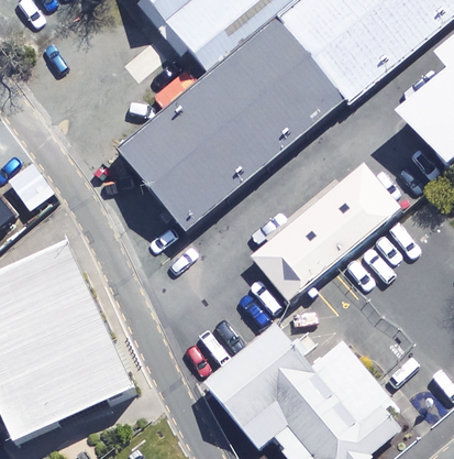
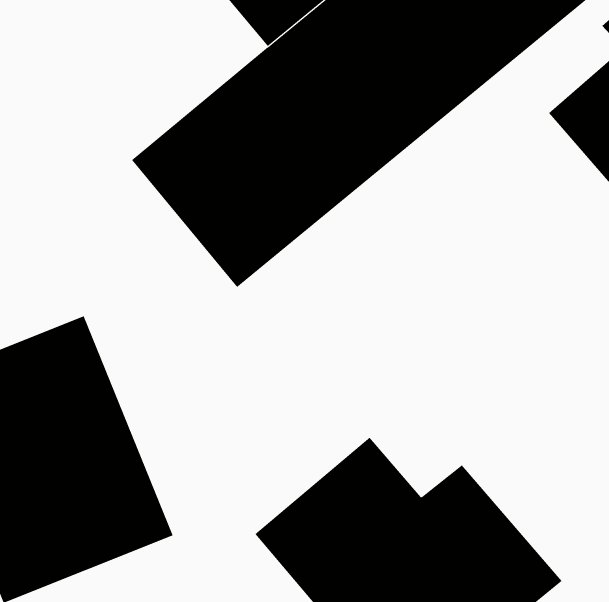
building: [248,156,400,298] -> none

